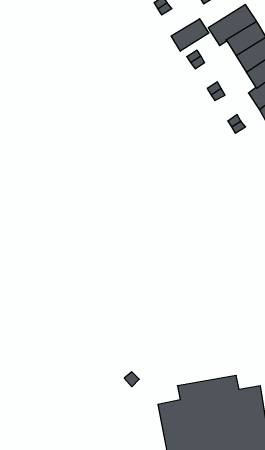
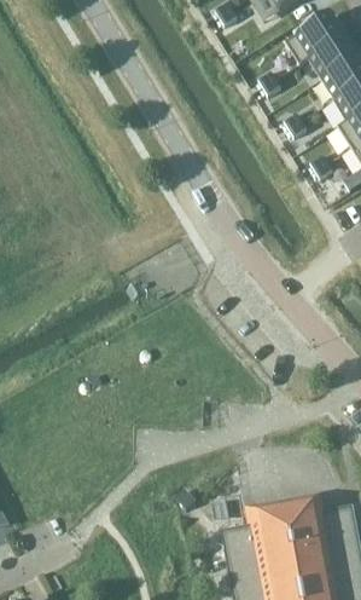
building: [171,19,209,51] -> none

